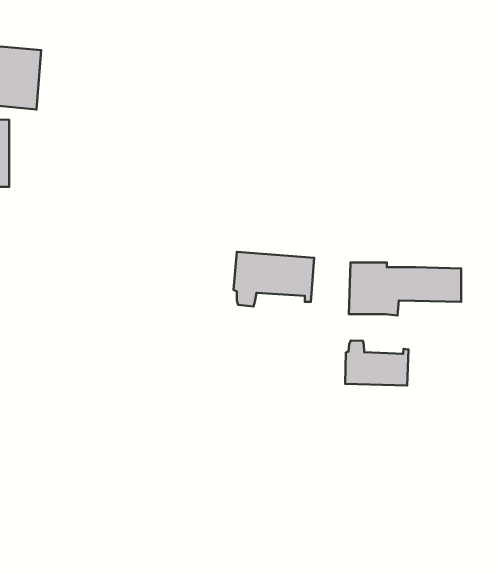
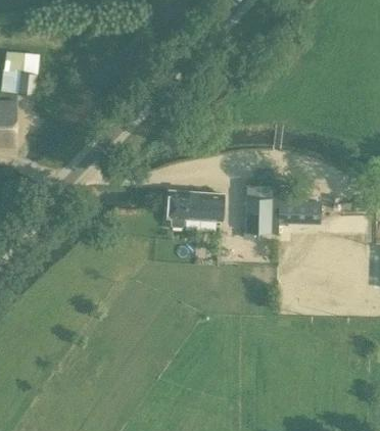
building: [345,341,408,386] -> none

